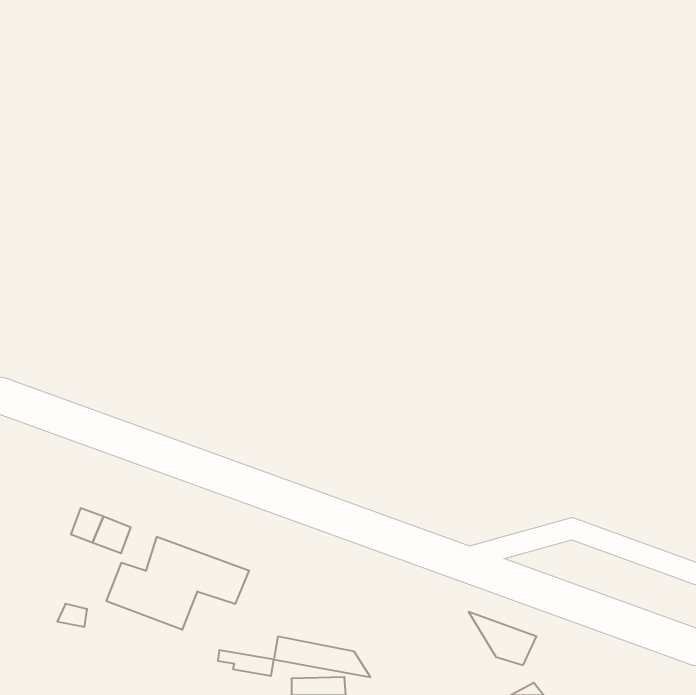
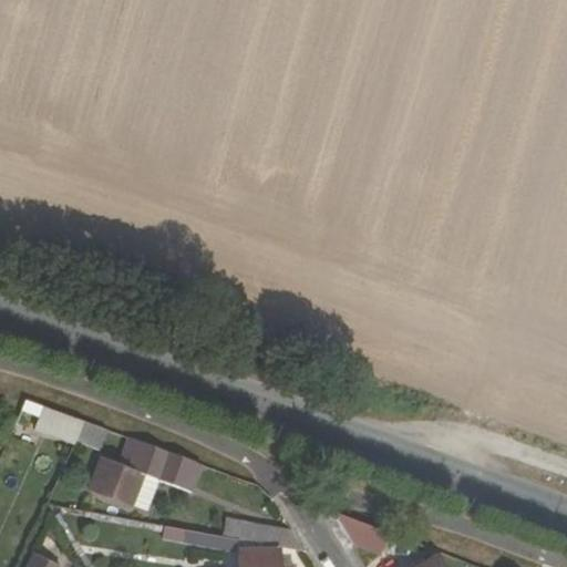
building: [469,612,537,665] -> [333,514,389,557]

